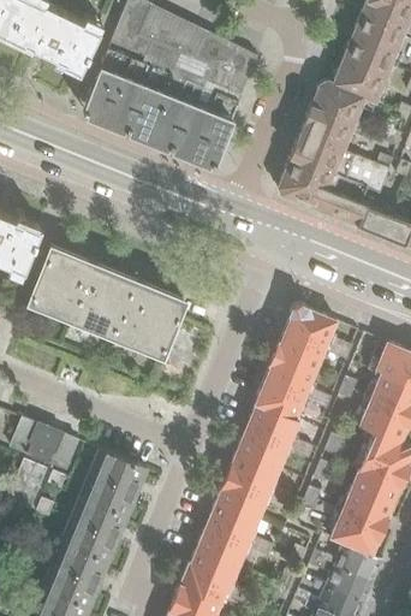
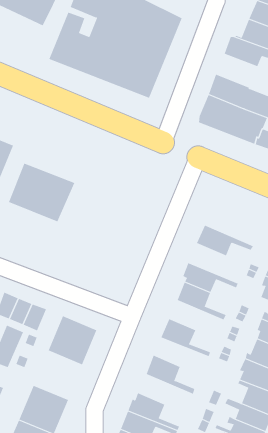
building: [300,107,356,152] -> none
building: [94,277,181,356] -> none
building: [286,308,355,360] -> none
building: [264,356,333,409] -> none
building: [239,431,311,470] -> none
building: [219,480,292,519] -> none
building: [61,497,126,562] -> none
building: [198,528,272,568] -> none

